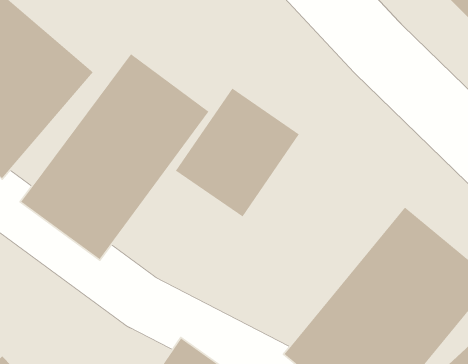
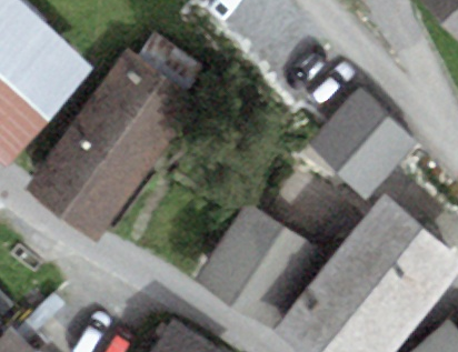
building: [175,88,300,217] -> [197,201,313,322]
building: none -> [306,88,420,202]

